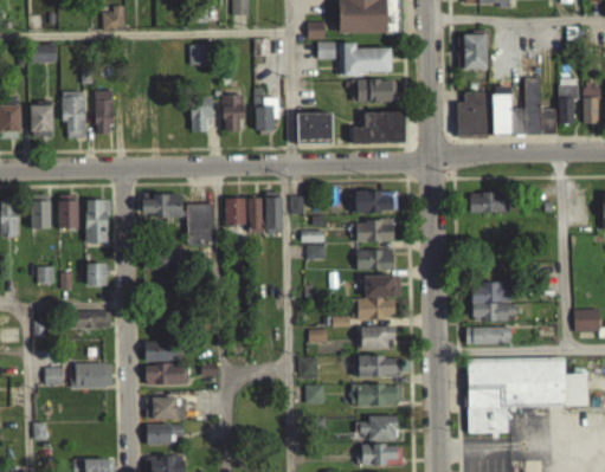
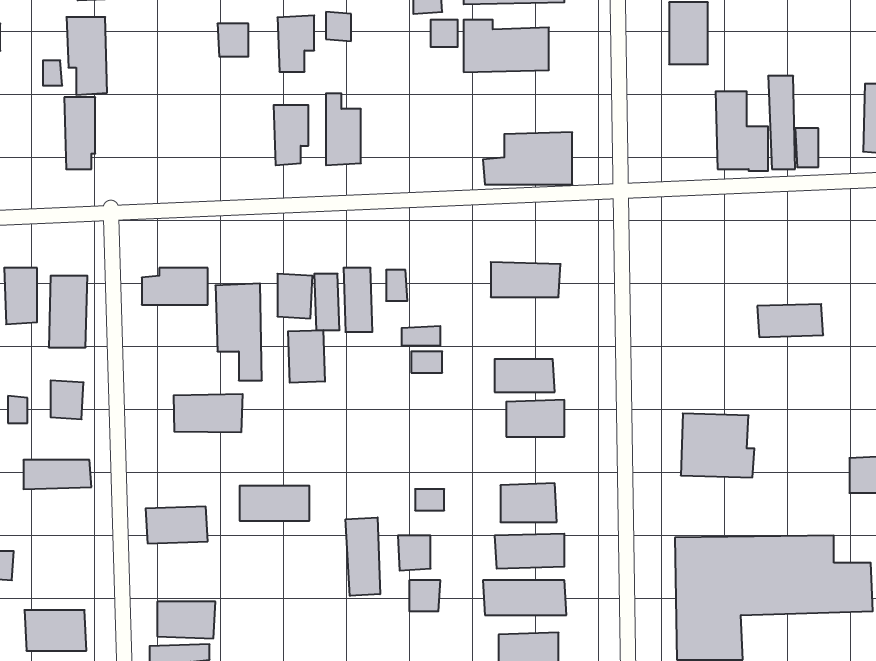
building: [559,78,578,124] -> none
building: [358,79,397,103] -> none
building: [62,91,86,138] -> [66,17,107,95]
building: [457,92,490,135] -> none
building: [191,97,213,131] -> [277,15,314,72]
building: [297,112,333,144] -> none
building: [469,193,509,213] -> [757,304,823,337]
building: [356,220,394,241] -> none
building: none -> [288,330,325,383]
building: none -> [174,394,243,432]
building: [358,298,395,319] -> none
building: [466,326,511,344] -> none
building: none -> [346,517,380,596]
building: [75,363,112,388] -> [24,610,86,651]
building: [146,363,188,384] -> [240,486,309,521]

